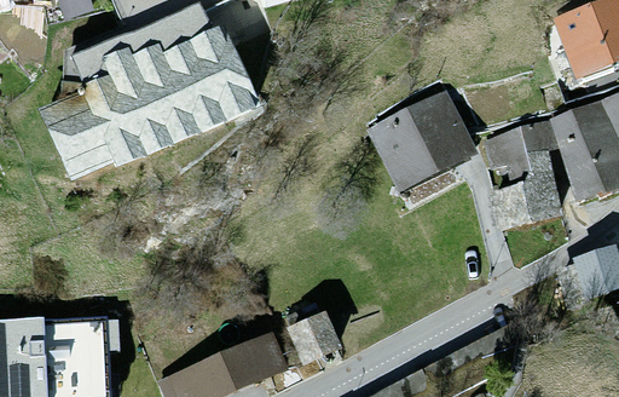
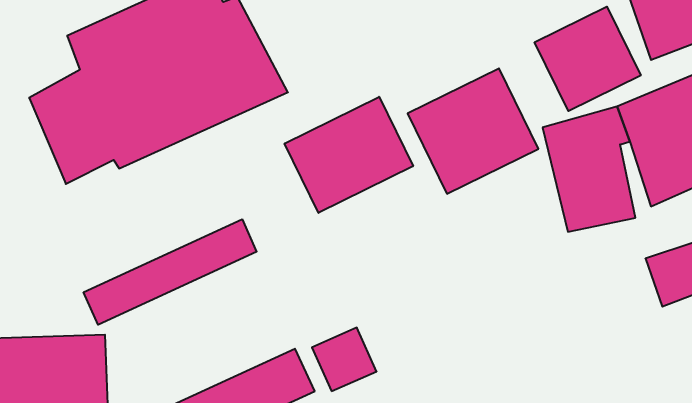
building: none -> [535,7,641,111]
building: none -> [285,97,413,213]
building: none -> [84,219,257,325]

